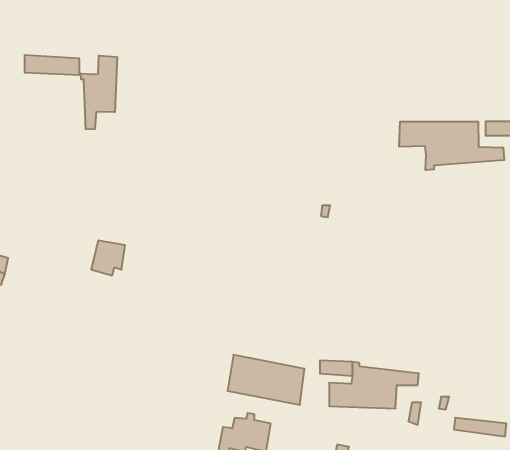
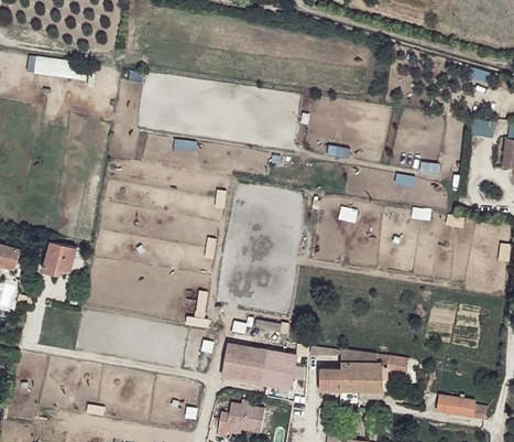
building: [81,55,117,129] -> none
building: [399,122,504,170] -> none
building: [91,240,125,275] -> [42,244,74,277]

